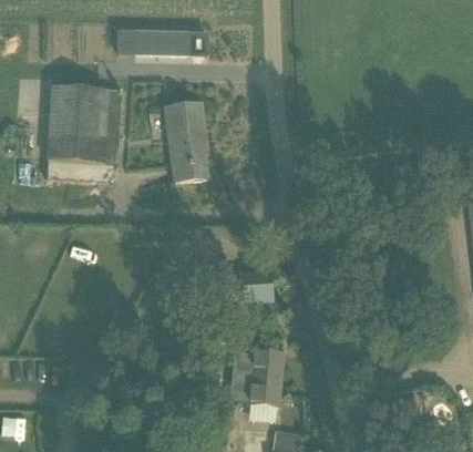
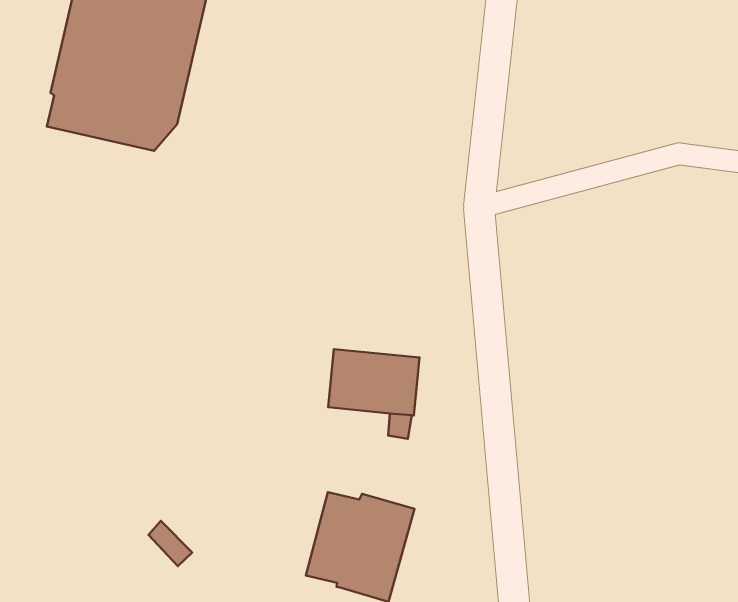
building: [166,103,208,182] -> none

